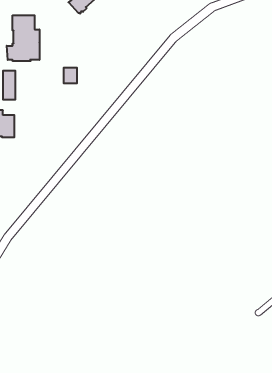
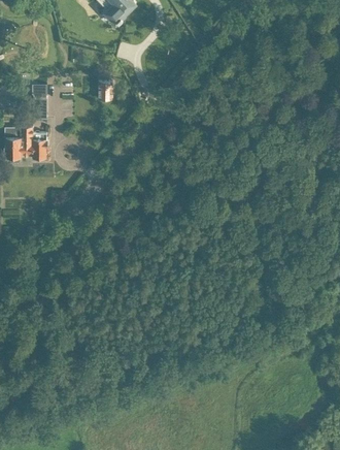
building: [7,15,39,61] -> none

